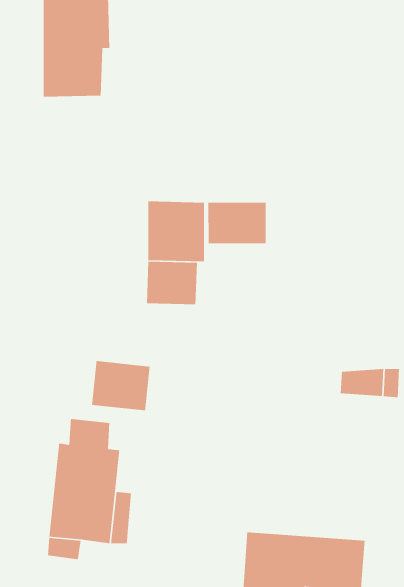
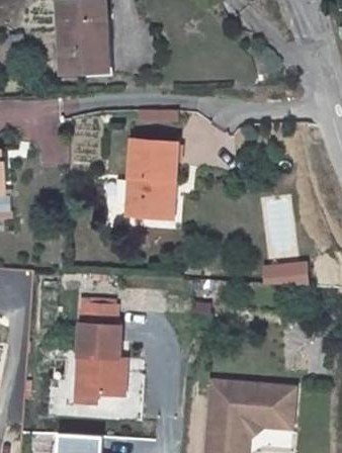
building: [208,202,267,244] -> none
building: [91,360,150,411] -> none

